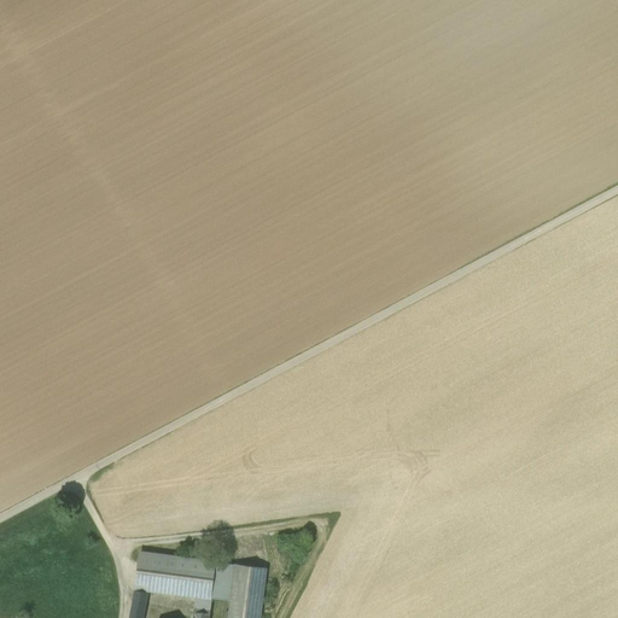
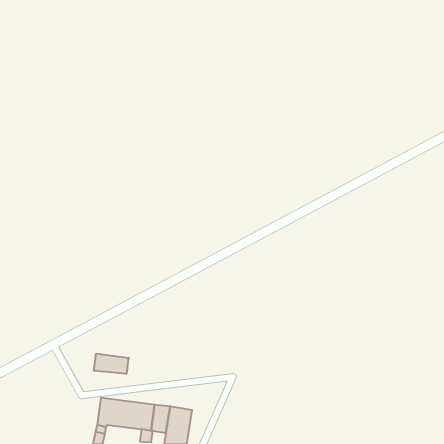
building: none -> [94,354,129,374]

